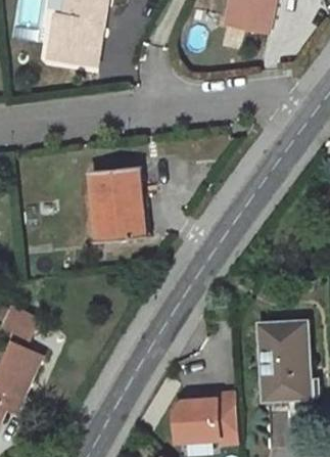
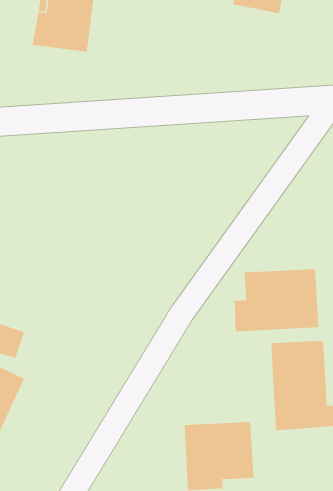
building: [91,167,143,242] -> none
building: none -> [234,269,319,332]

